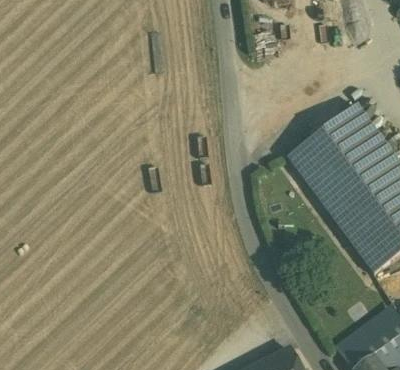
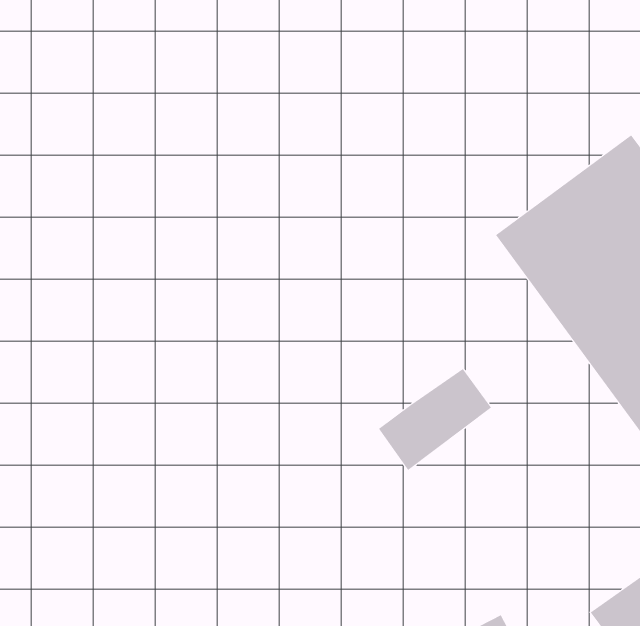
building: none -> [378,368,492,471]

